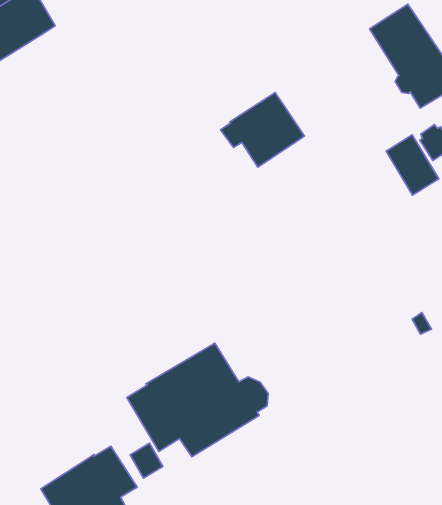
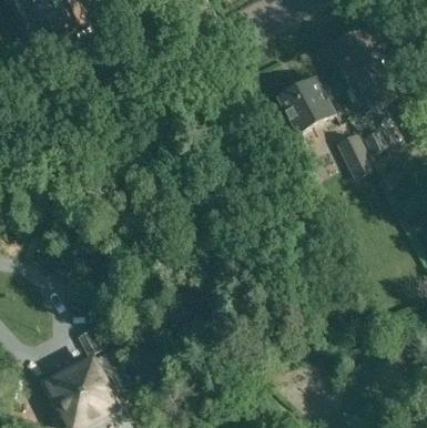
building: [221,92,305,167] -> [272,75,336,132]
building: [127,343,268,457] -> none

